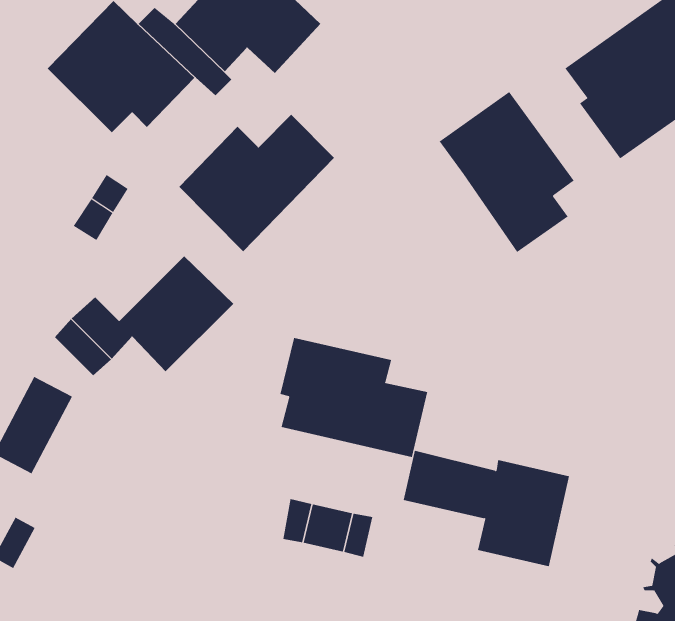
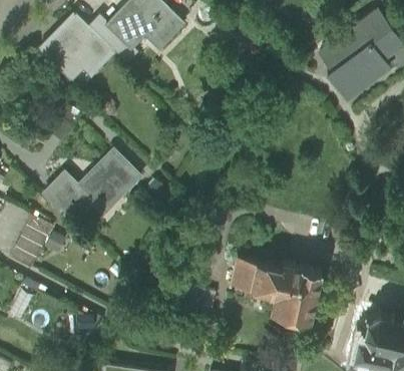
building: [439,91,575,253] -> none
building: [178,114,335,252] -> none
building: [280,337,428,458] -> none

